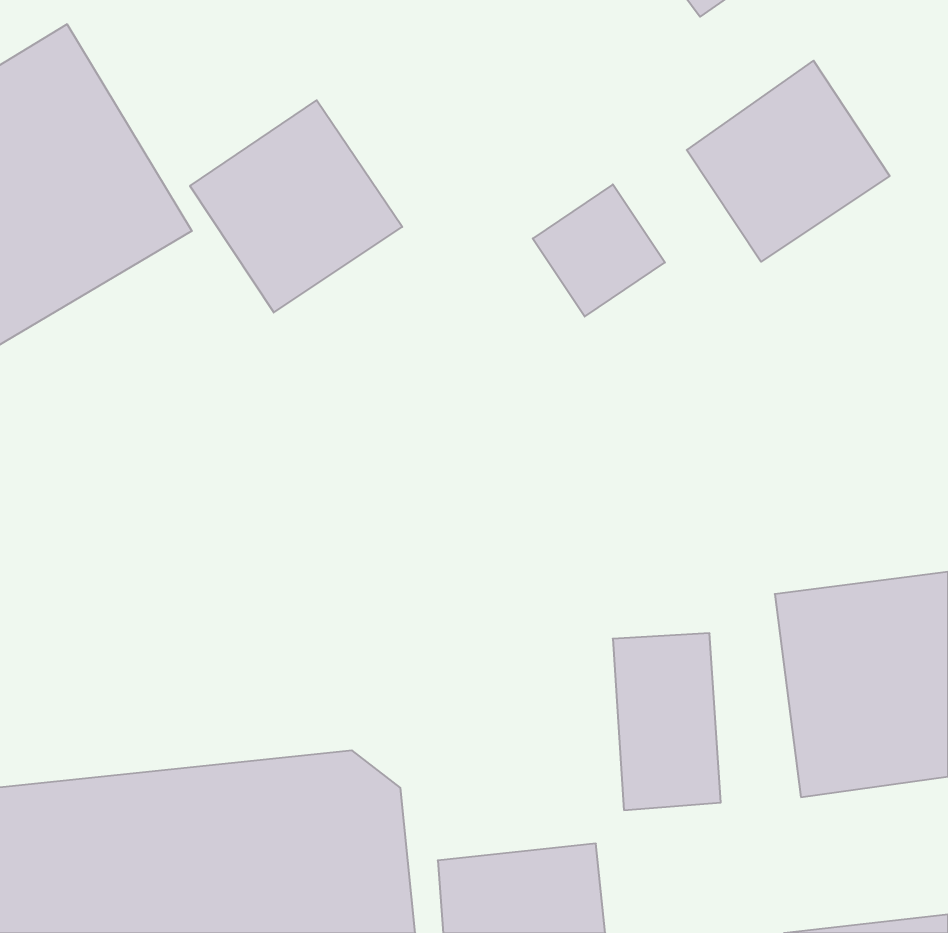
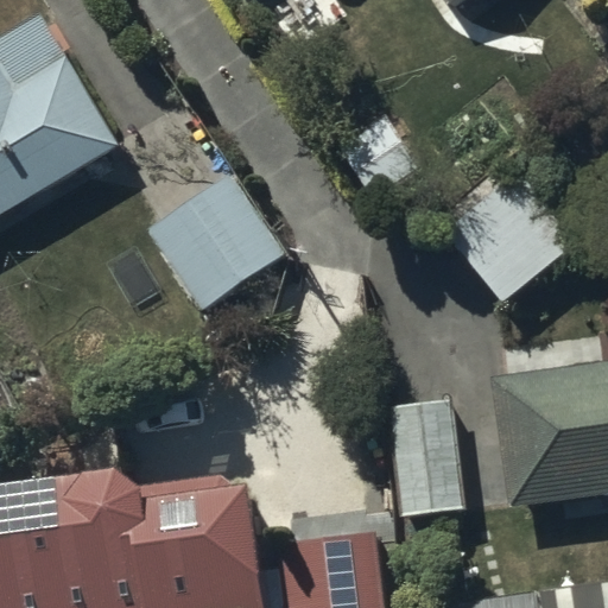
building: [687,61,890,262] -> [438,164,568,292]
building: [190,100,402,313] -> [148,178,284,314]

